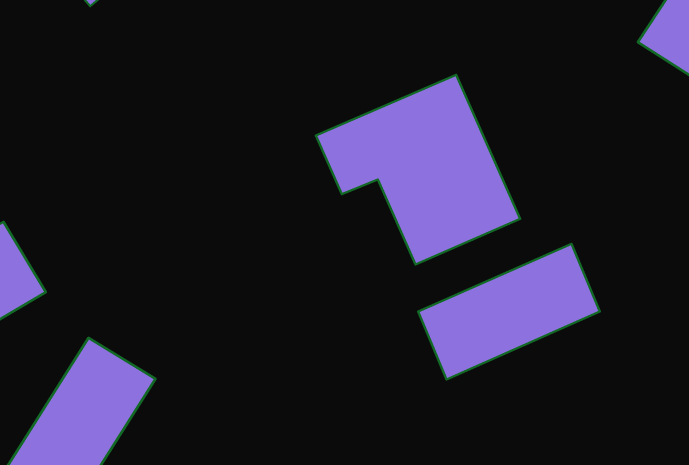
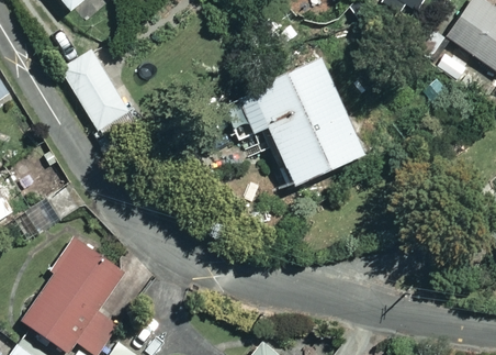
building: none -> [61,49,133,135]
building: [418,244,600,379] -> none

